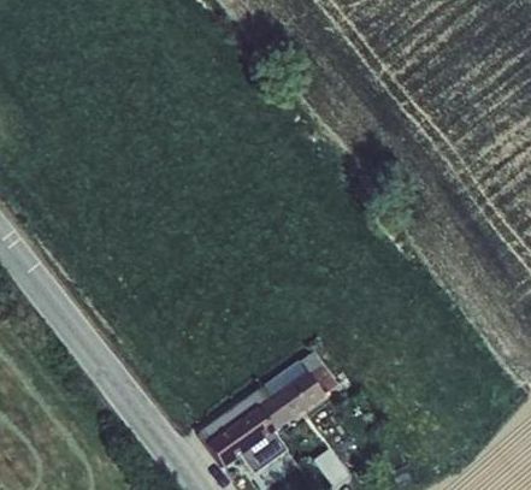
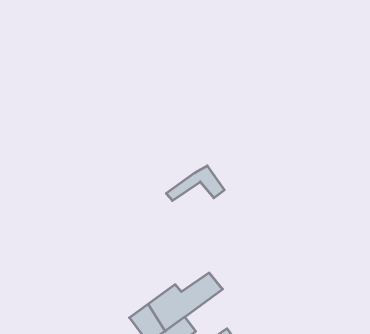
building: [260,352,338,399] -> [166,166,224,201]

